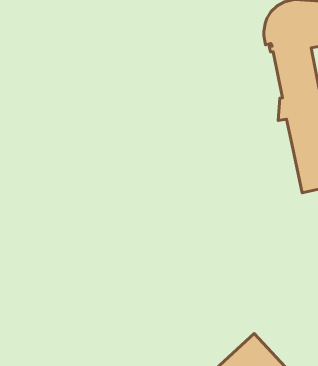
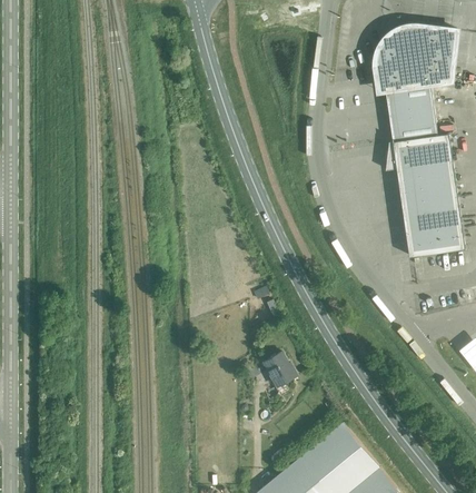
building: none -> [265,353,296,386]

